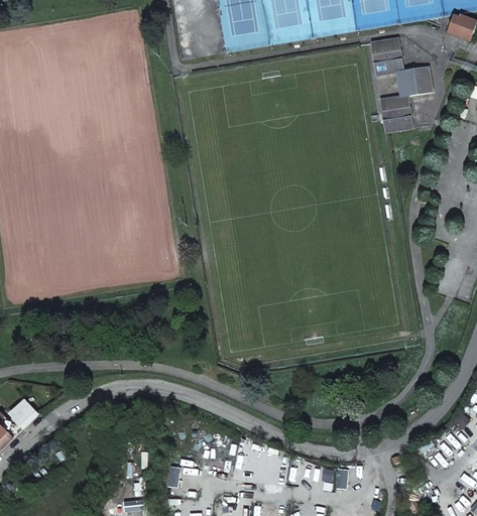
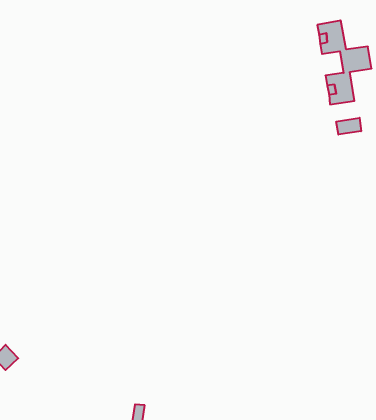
building: none -> [336,118,361,135]

